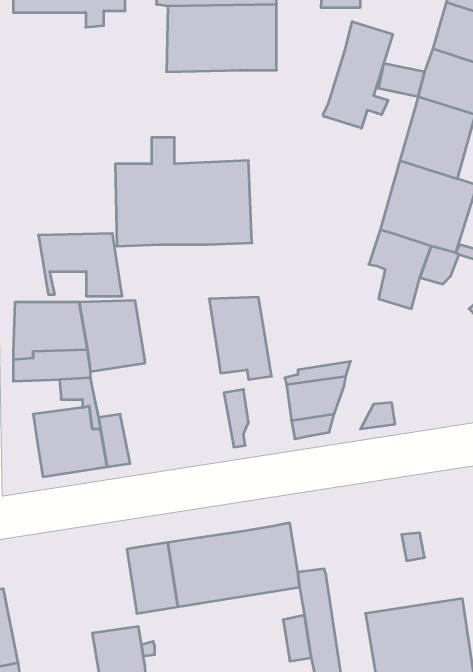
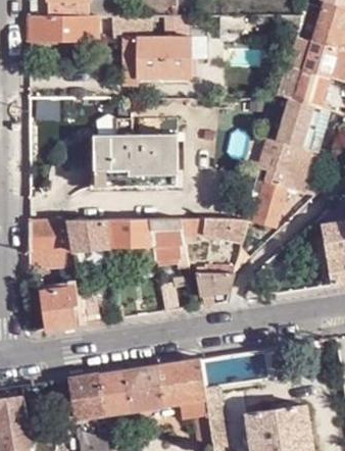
building: [323,21,393,128] -> none
building: [38,233,122,296] -> [103,219,155,258]
building: none -> [180,217,247,241]
building: none -> [70,374,104,418]

